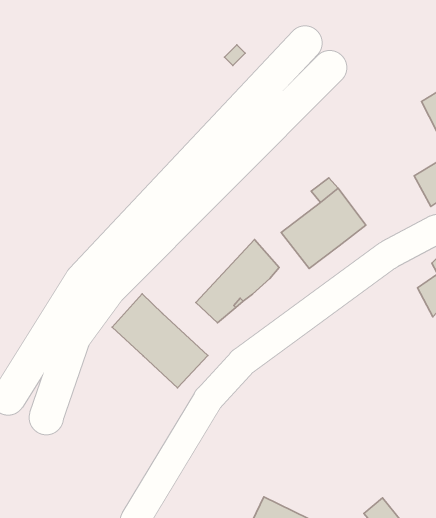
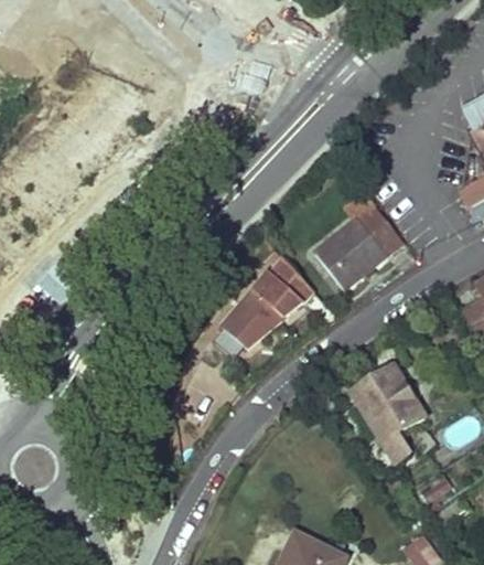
building: [112,294,208,388] -> none
building: none -> [353,366,423,460]

